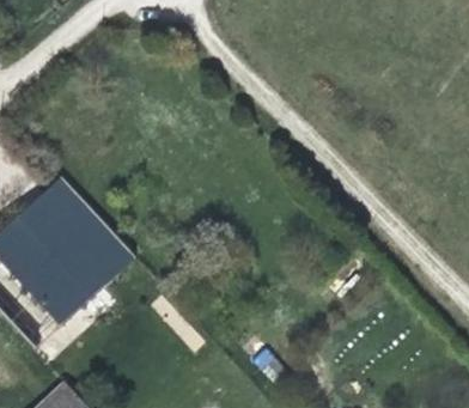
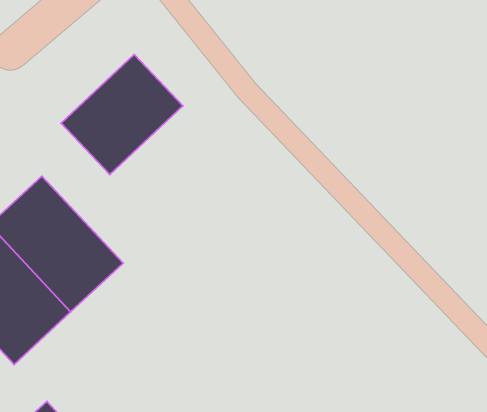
building: none -> [61,55,183,175]

